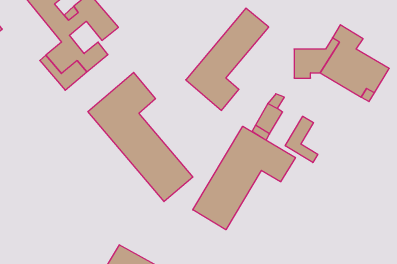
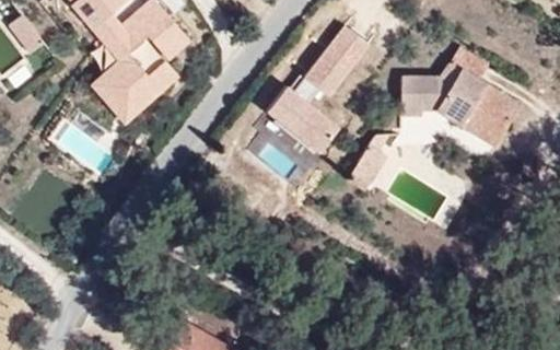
building: [88,72,193,202] -> none
building: [285,116,318,163] -> none
building: [193,126,295,230] -> none

